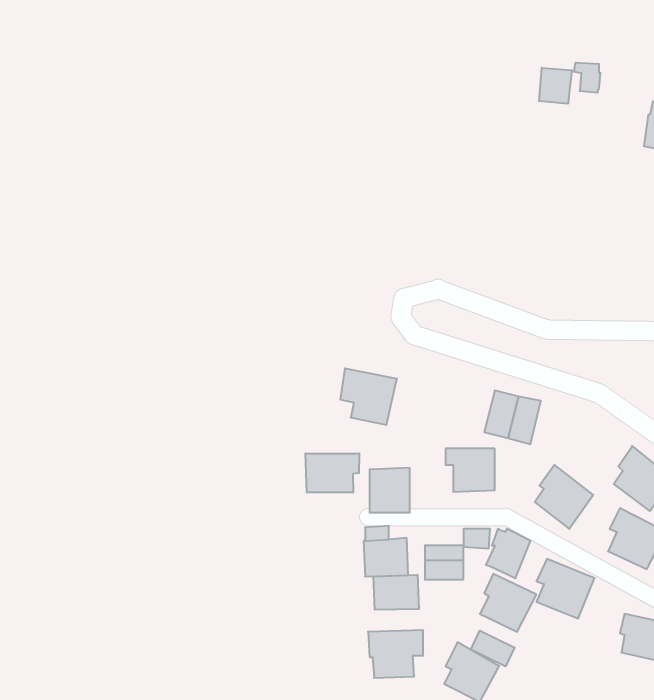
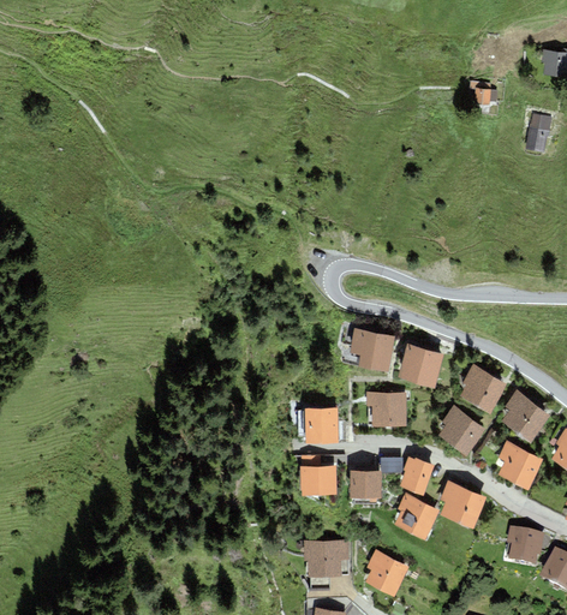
building: [539,68,572,104] -> none
building: [340,368,397,425] -> [350,327,395,372]
building: none -> [459,364,507,413]
building: [305,453,359,493] -> none
building: [373,575,419,610] -> none
building: [471,631,515,666] -> none

